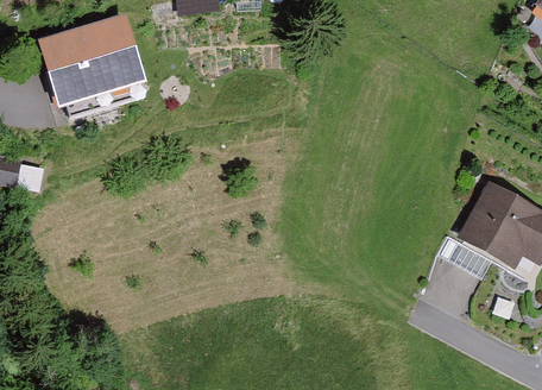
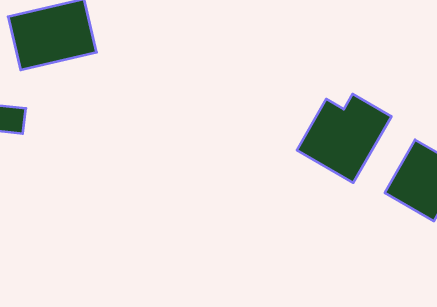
building: none -> [297,94,391,183]

